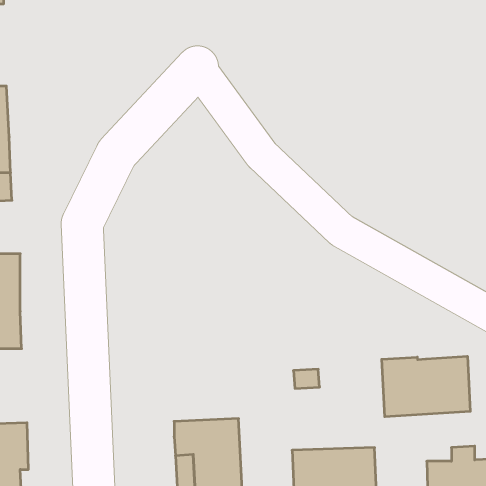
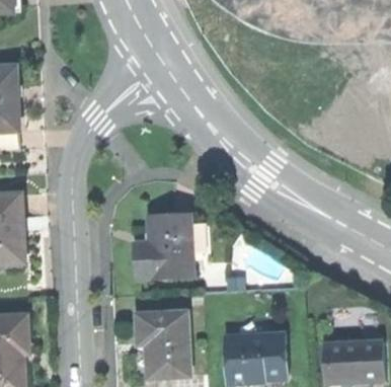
building: none -> [135,216,193,280]
building: [382,356,470,417] -> none

